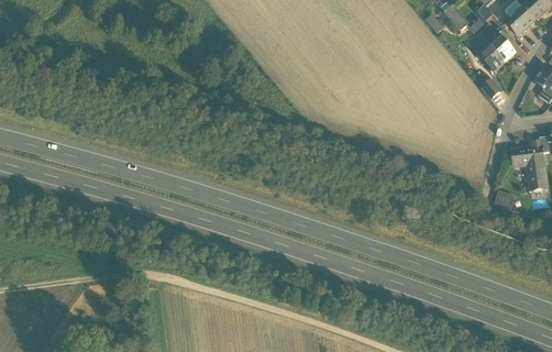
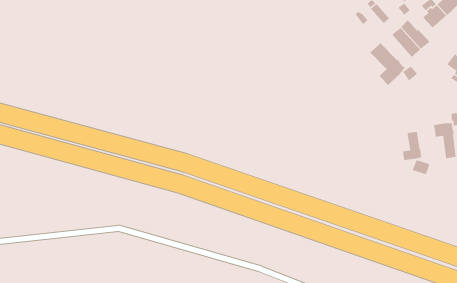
building: none -> [370,43,407,86]
building: none -> [402,131,423,161]

